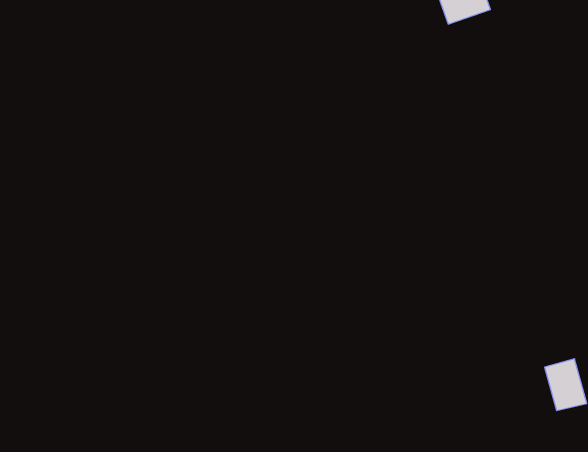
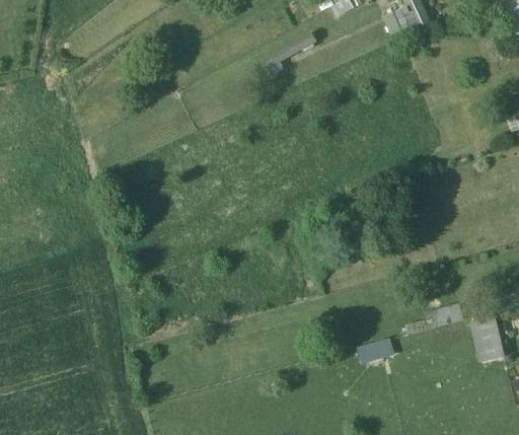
building: none -> [361,336,396,360]

